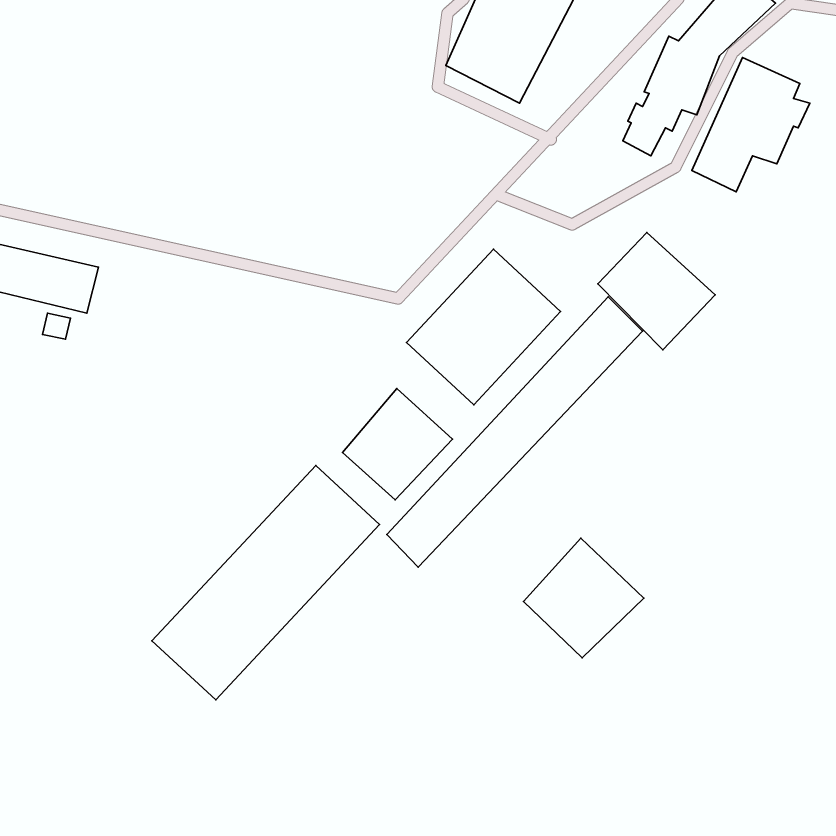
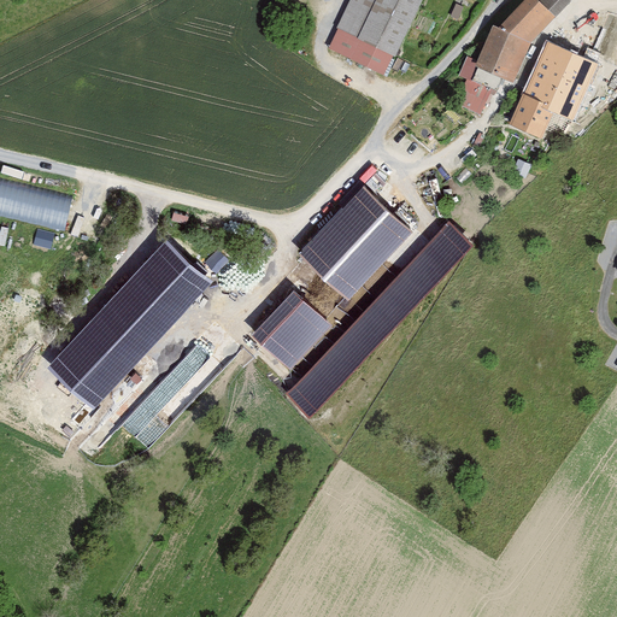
building: [598,232,715,350] -> none
building: [152,465,380,700] -> [45,240,212,412]
building: [523,538,644,658] -> none

